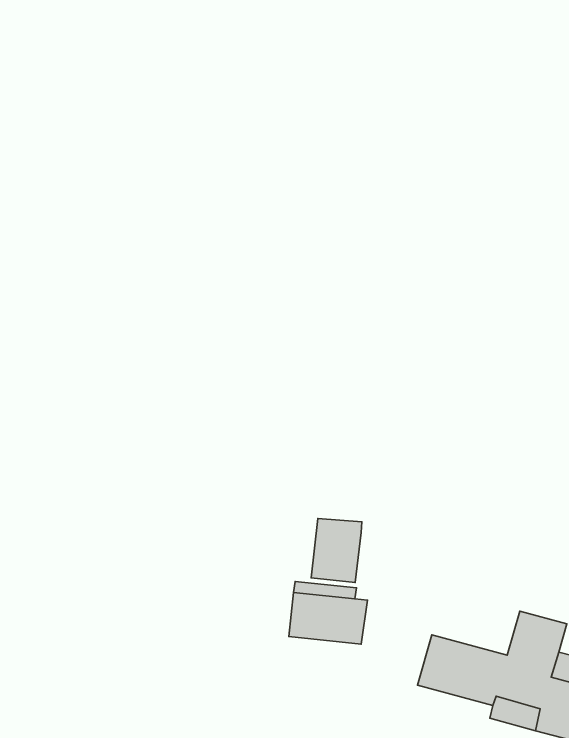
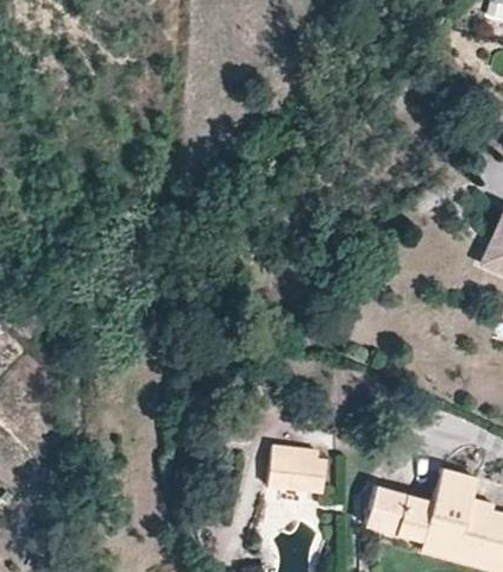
building: [311,518,362,583] -> none

